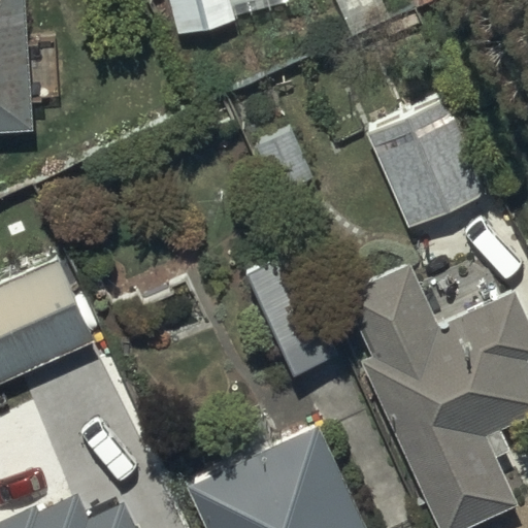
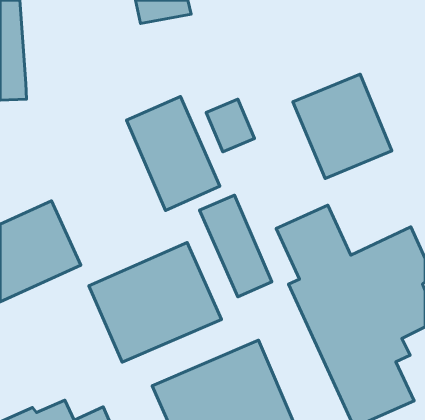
building: none -> [127,97,220,211]
building: none -> [89,243,221,362]

